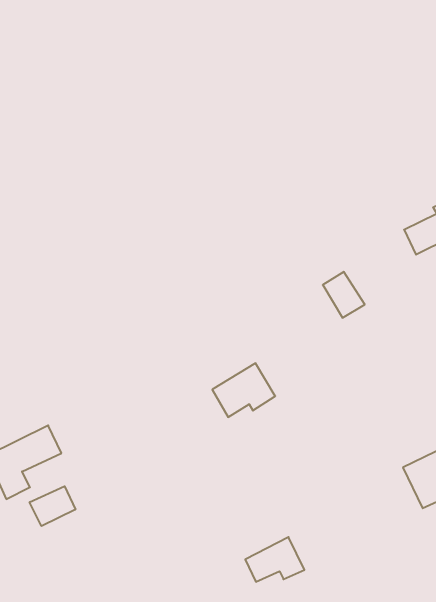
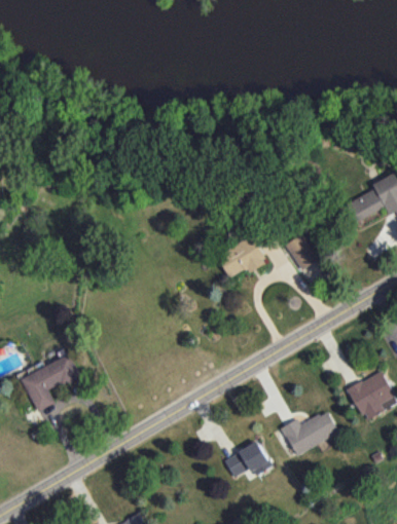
building: [212,363,275,417] -> [217,236,266,278]
building: [30,486,75,526] -> none
building: none -> [281,410,338,455]

